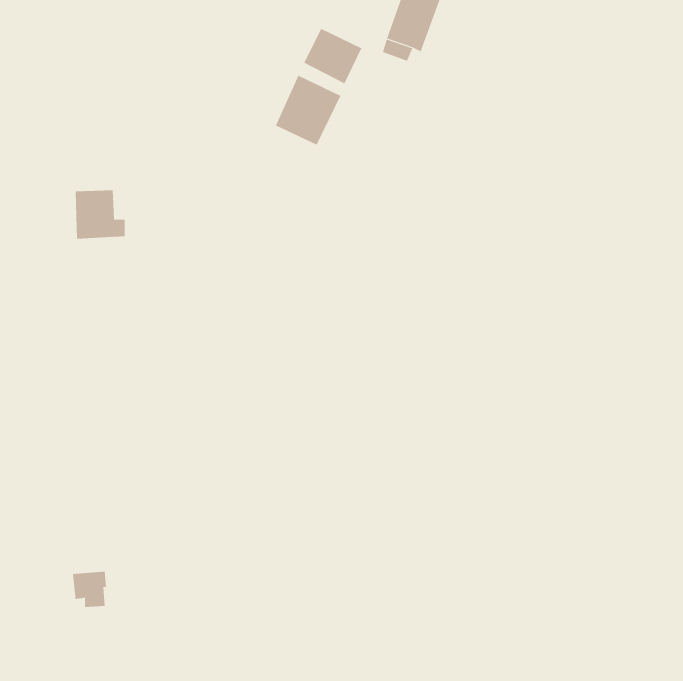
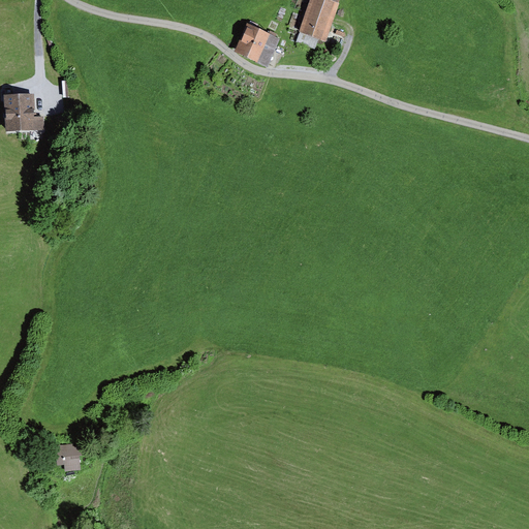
building: [275,75,341,145] -> none
building: [75,190,126,239] -> [4,92,43,130]

